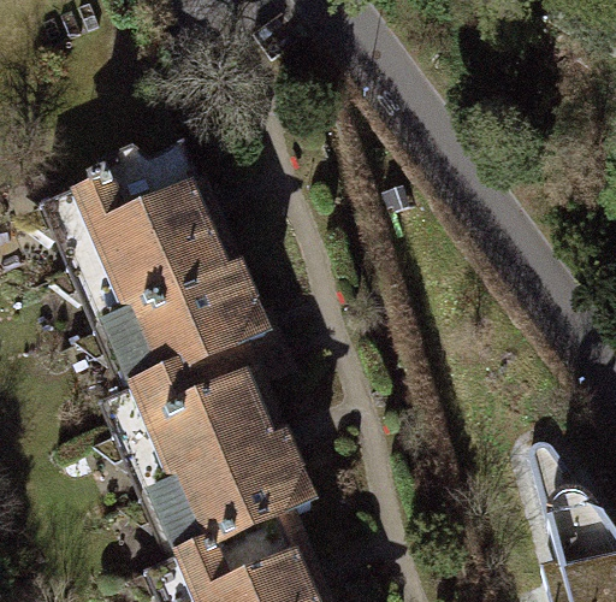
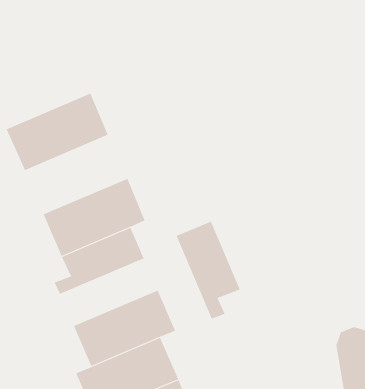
building: [85,214,241,334] -> none
building: none -> [176,221,240,320]
building: [138,400,286,501] -> none

